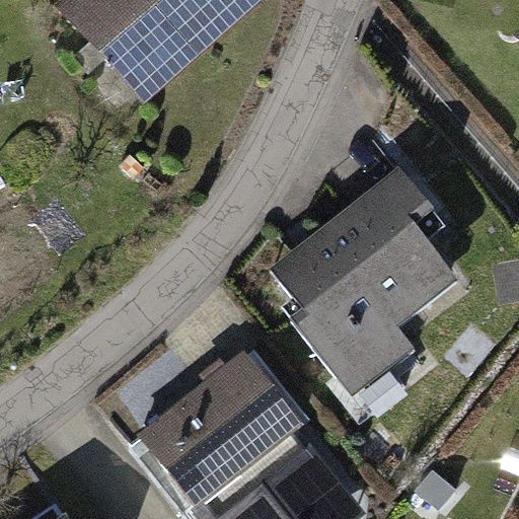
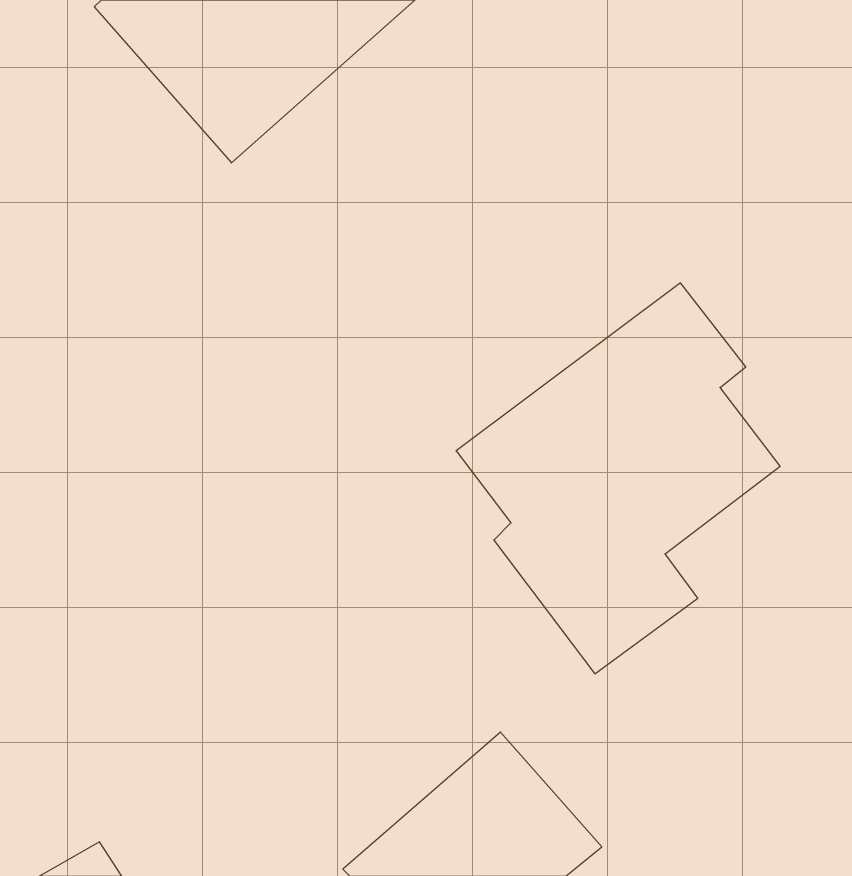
building: [138,350,306,514] -> none

